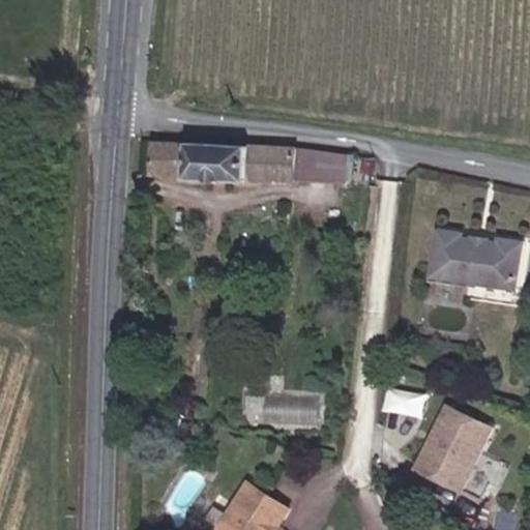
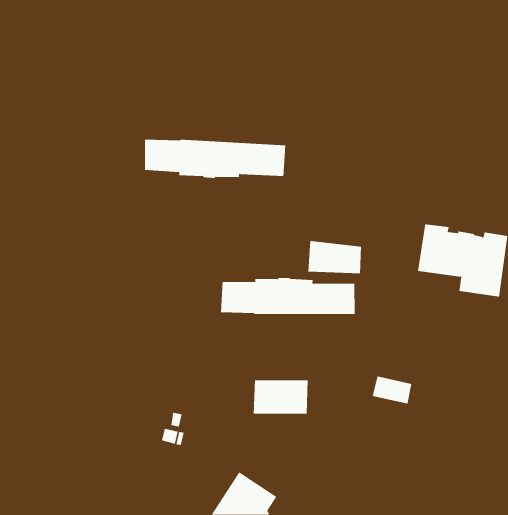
building: [292,149,348,183] -> [308,240,362,274]
building: none -> [221,277,355,315]
building: [414,407,495,500] -> none

